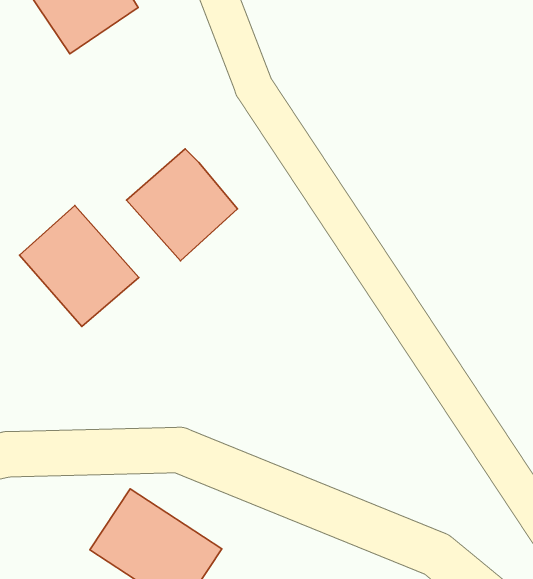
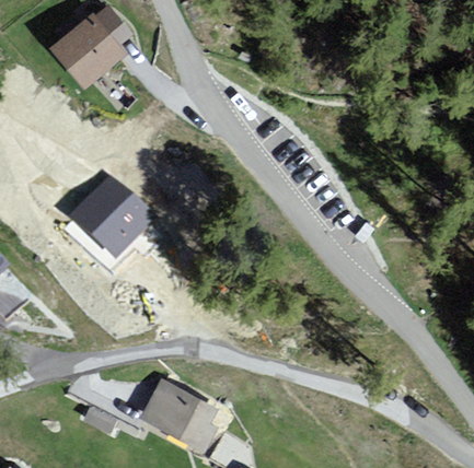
building: [127,149,238,261] -> none

